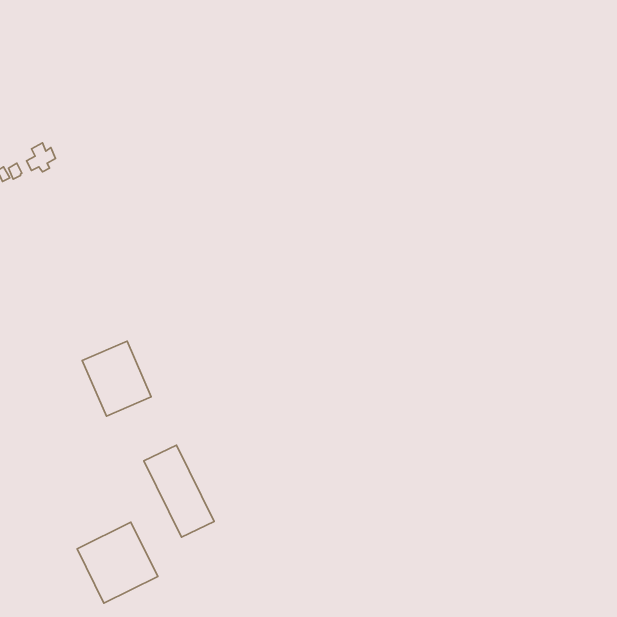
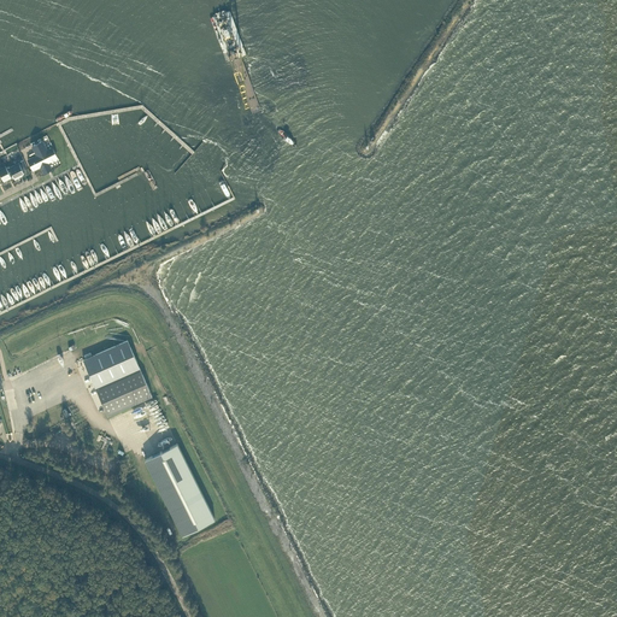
building: [77,522,158,603] -> none

